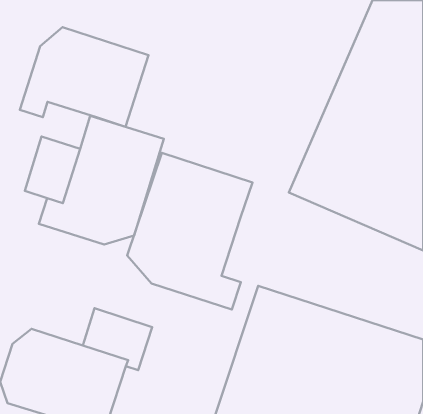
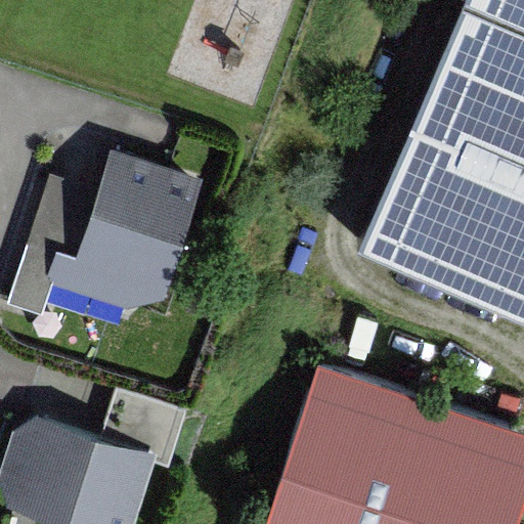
building: [20,27,148,127] -> none
building: [127,153,252,310] -> none

